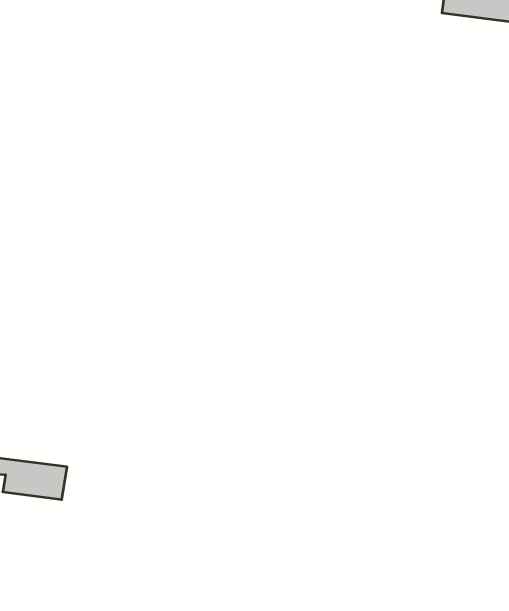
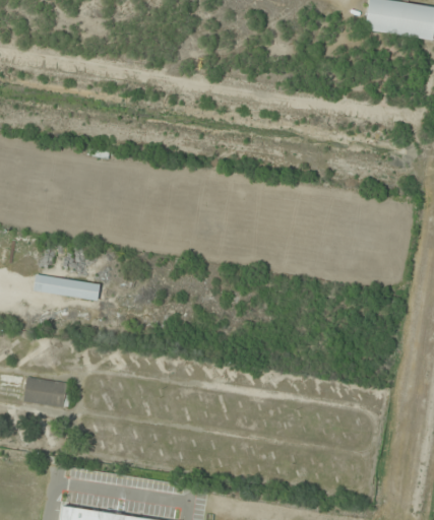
building: none -> [34,274,100,301]

